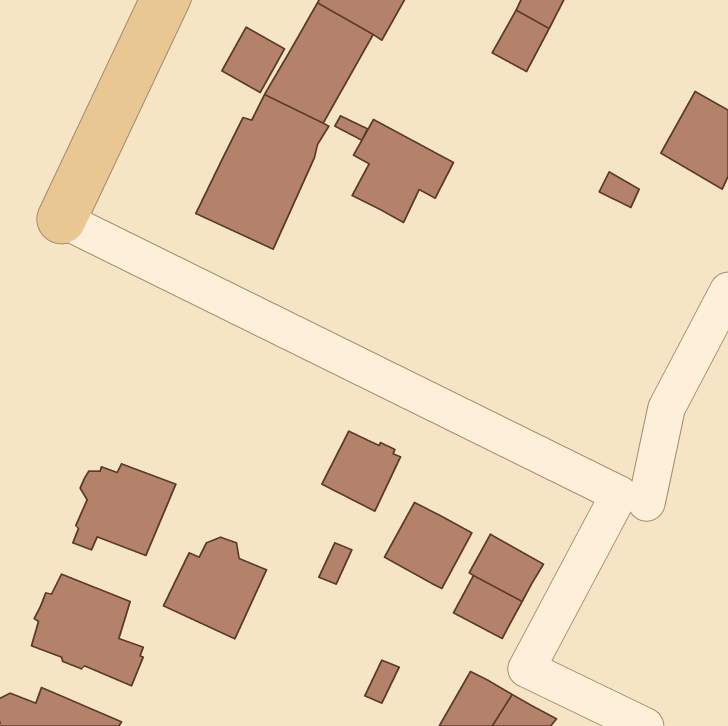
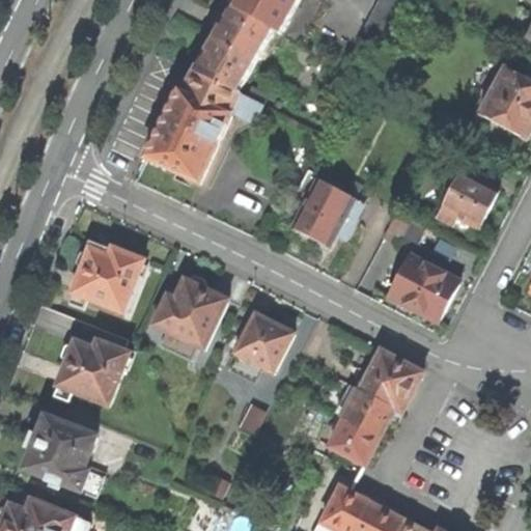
building: [222,27,285,93] -> none
building: [352,119,454,223] -> [289,170,363,245]
building: none -> [435,168,499,232]
building: none -> [67,242,142,310]
building: none -> [387,254,457,320]
building: [384,503,472,589] -> [359,350,422,412]
building: [163,537,266,639] -> [151,273,226,346]

